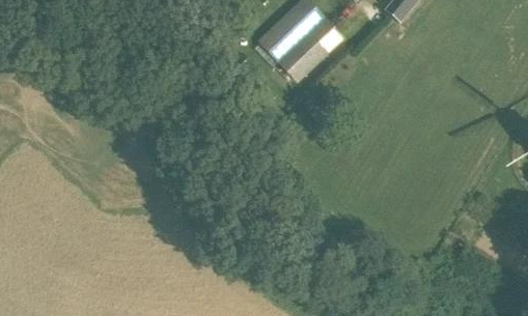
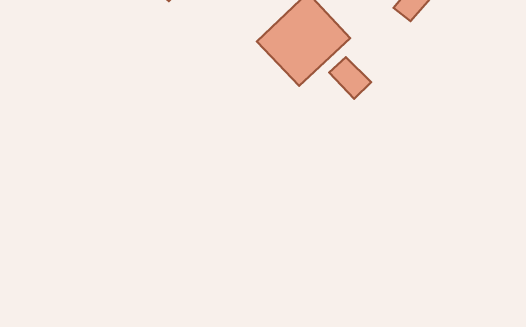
building: none -> [329,57,371,99]

